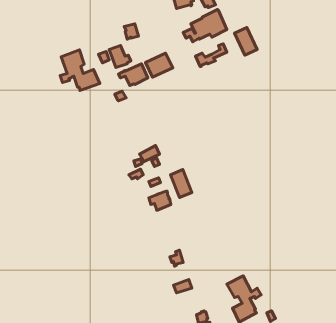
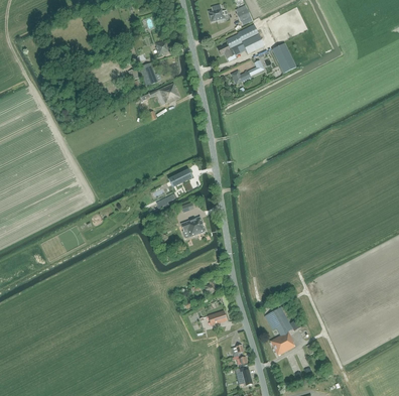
building: [60,50,100,90] -> none
building: [145,53,173,77] -> none
building: [170,170,192,198] -> none

